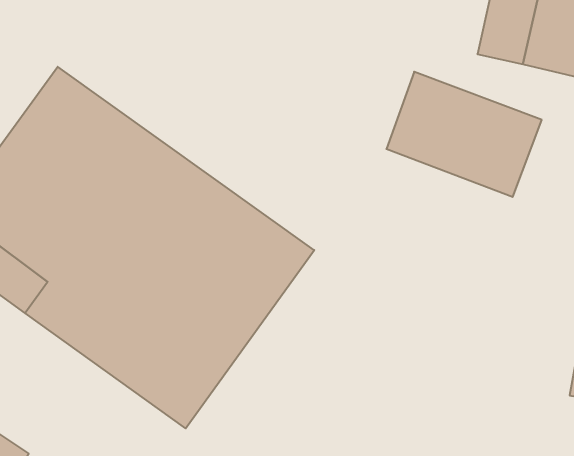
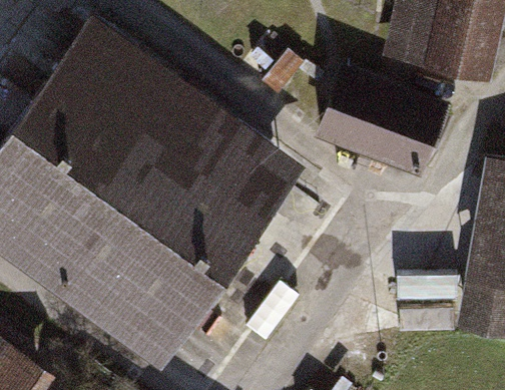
building: none -> [62,25,295,212]

